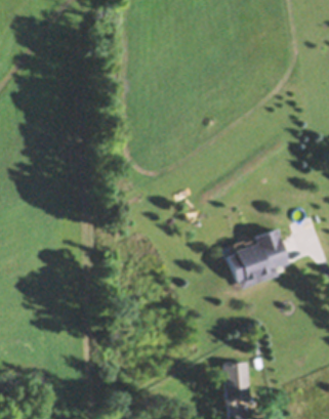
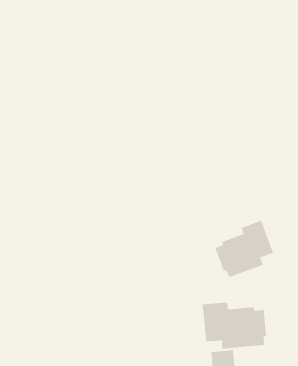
building: none -> [202,302,267,349]

